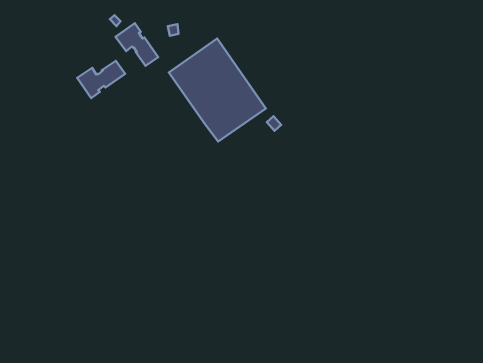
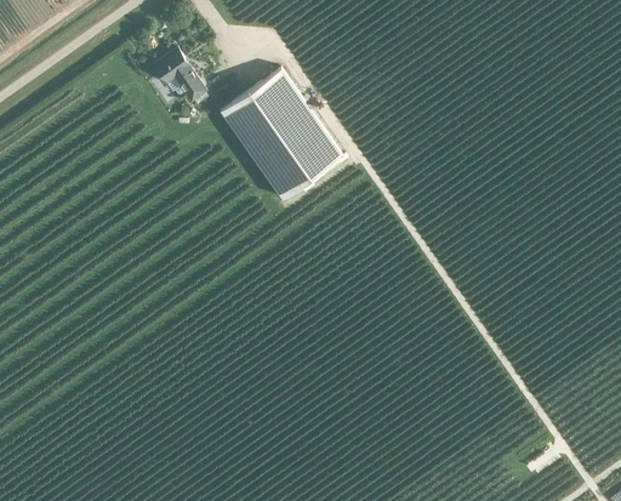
building: [77,61,125,98] -> none

